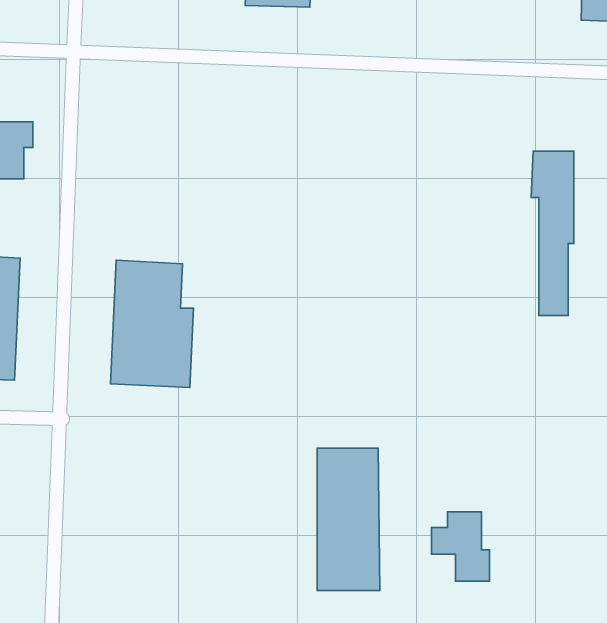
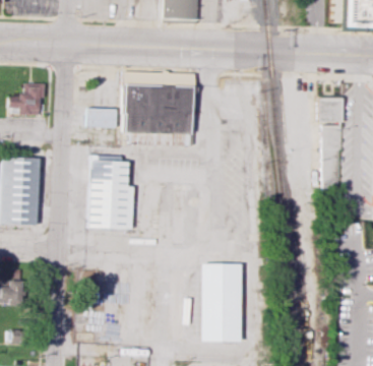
building: none -> [124,83,193,145]
building: none -> [88,107,120,126]
building: [431,512,489,581] -> none

